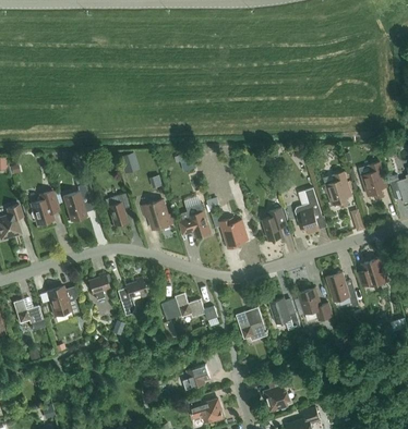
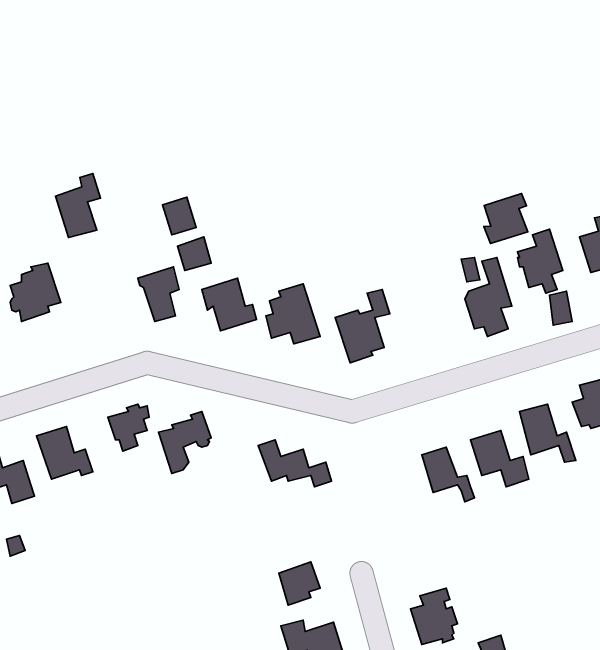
building: none -> [484,194,528,244]
building: [63,183,89,220] -> [55,174,101,238]
building: [262,207,287,241] -> none
building: [236,307,267,341] -> none

